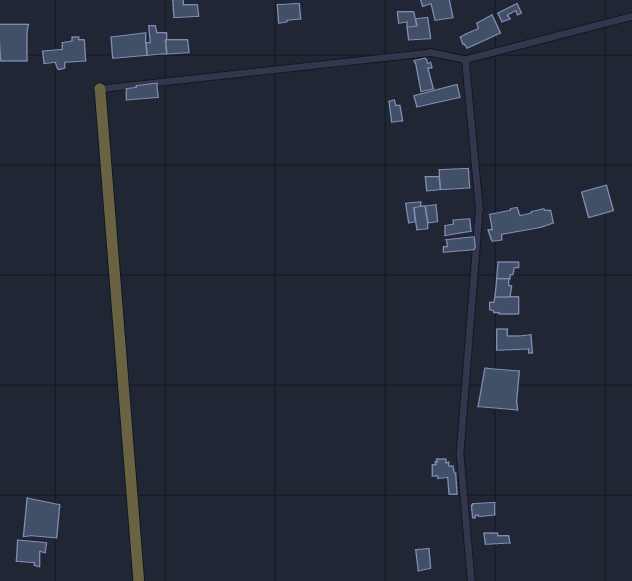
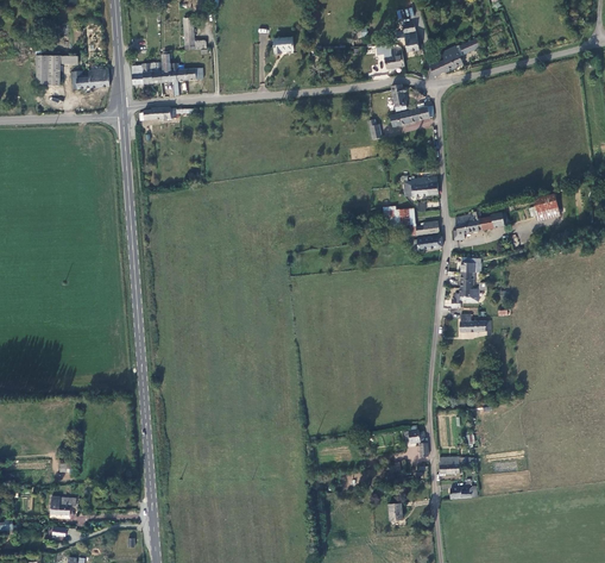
building: [478,368,519,410] -> none
building: [24,498,60,538] -> none

